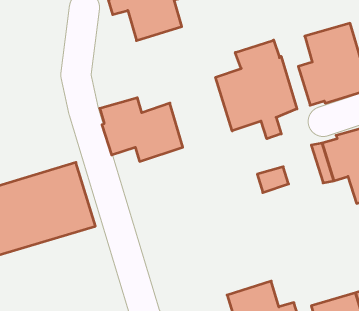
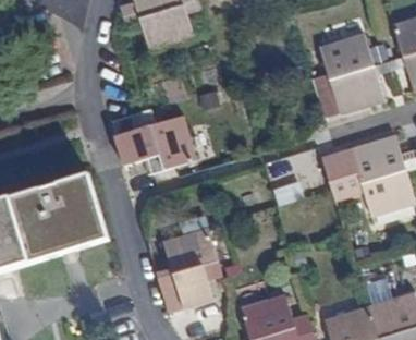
building: [216,40,297,139] -> none
building: none -> [156,227,221,312]

